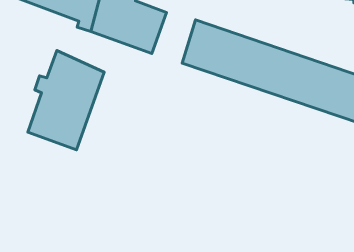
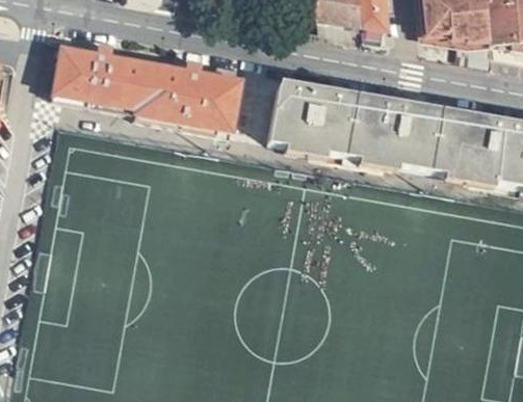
building: [28,50,104,150] -> none

